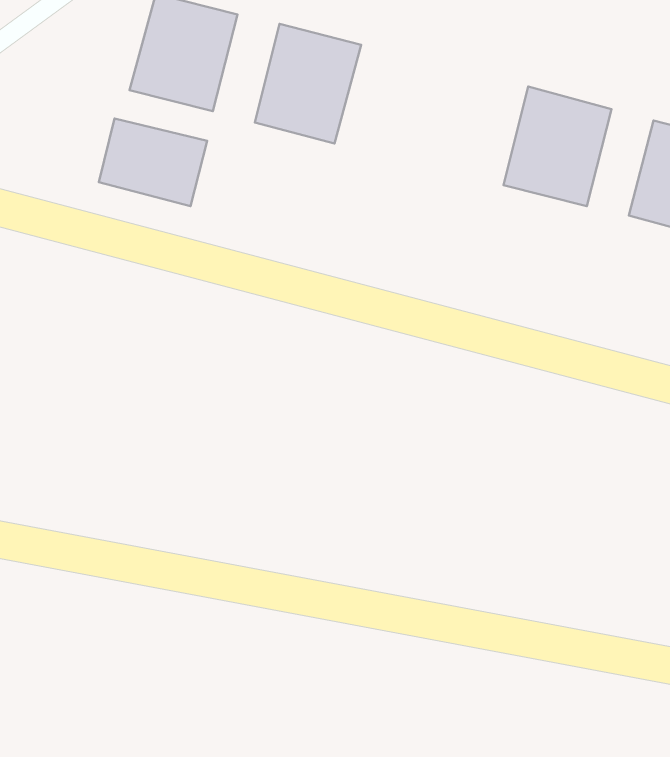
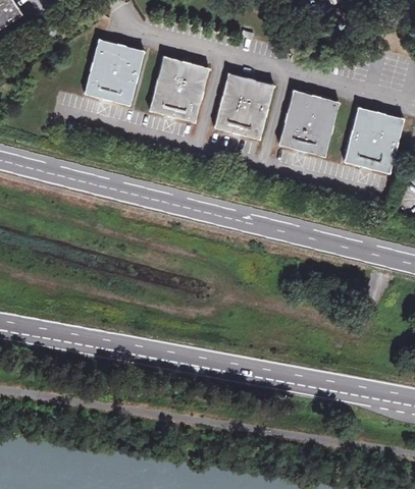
building: none -> [213,74,273,138]
building: [99,118,207,206] -> none

